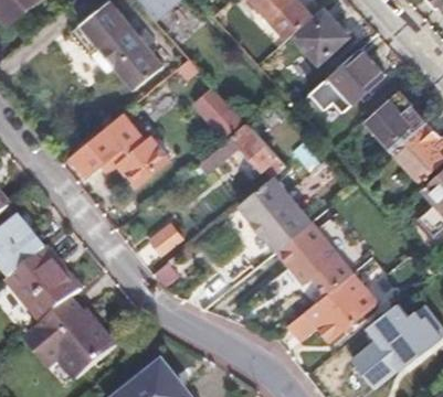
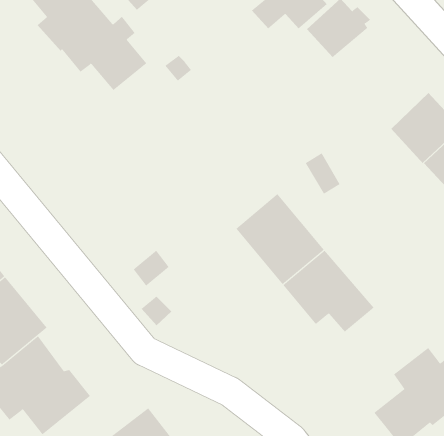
building: [312,49,383,111] -> none
building: [189,78,243,135] -> none
building: [76,115,168,186] -> none
building: [199,126,282,176] -> none
building: [287,271,376,340] -> none

